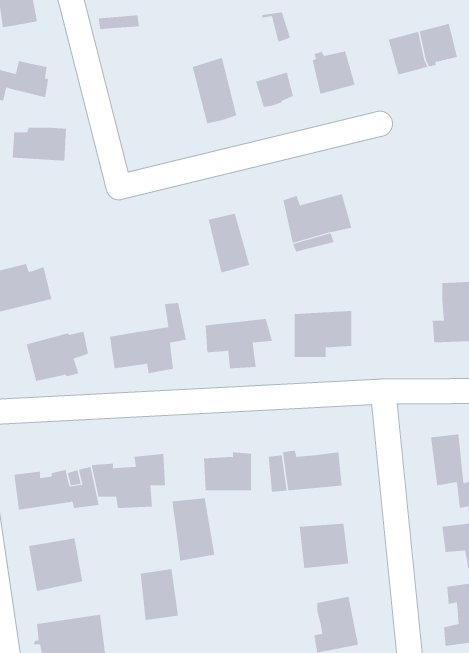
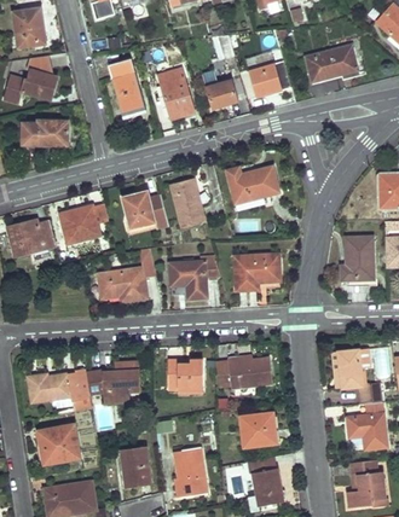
building: none -> [108,57,145,115]
building: none -> [122,194,168,231]
building: [26,331,89,382] -> [60,207,108,244]
building: [171,498,215,561] -> [174,451,207,498]

